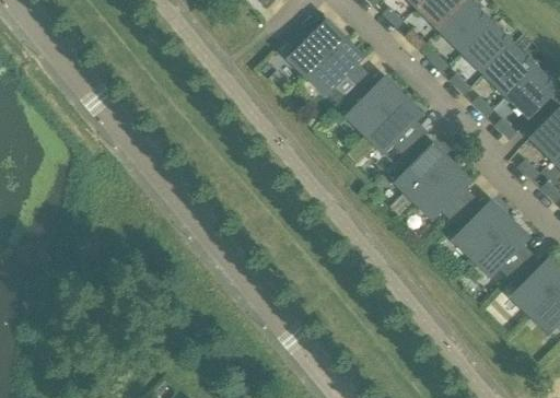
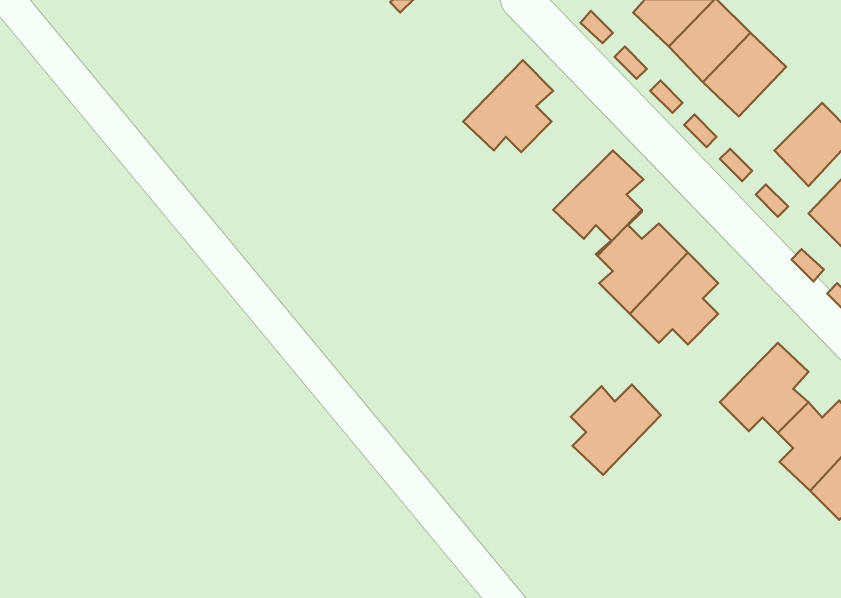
building: [287,21,346,79] -> none
building: [485,44,538,97] -> none
building: [345,78,404,136] -> none
building: [452,201,510,259] -> [571,385,661,475]

